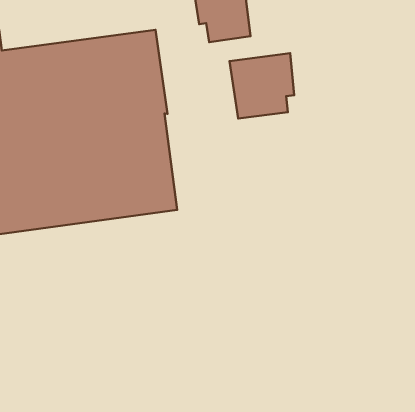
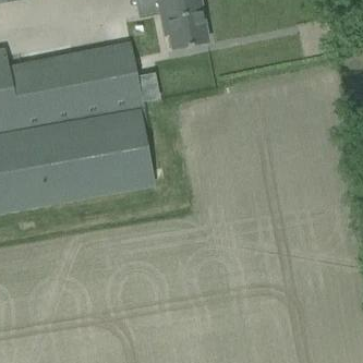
building: [230,53,294,118] -> none

